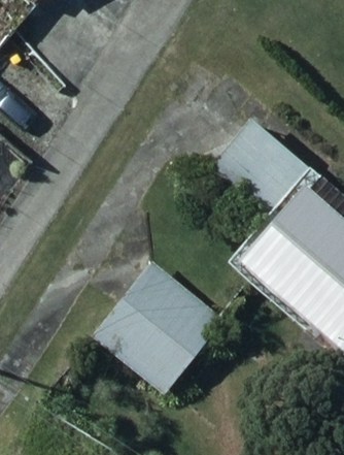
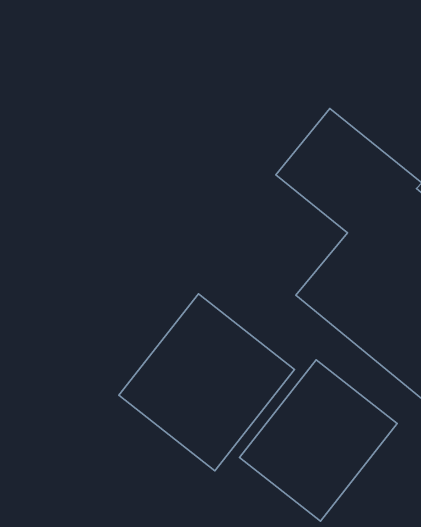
building: none -> [239,360,397,521]

